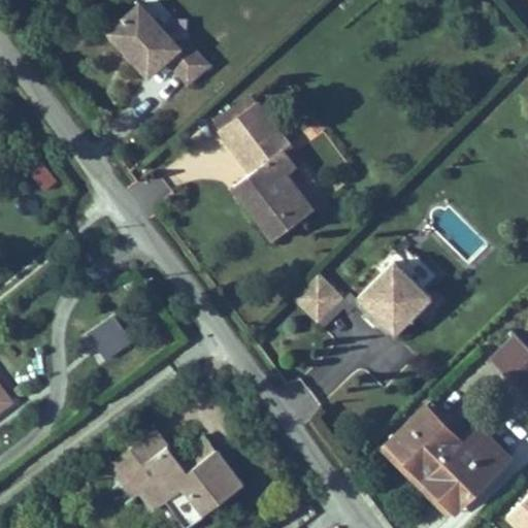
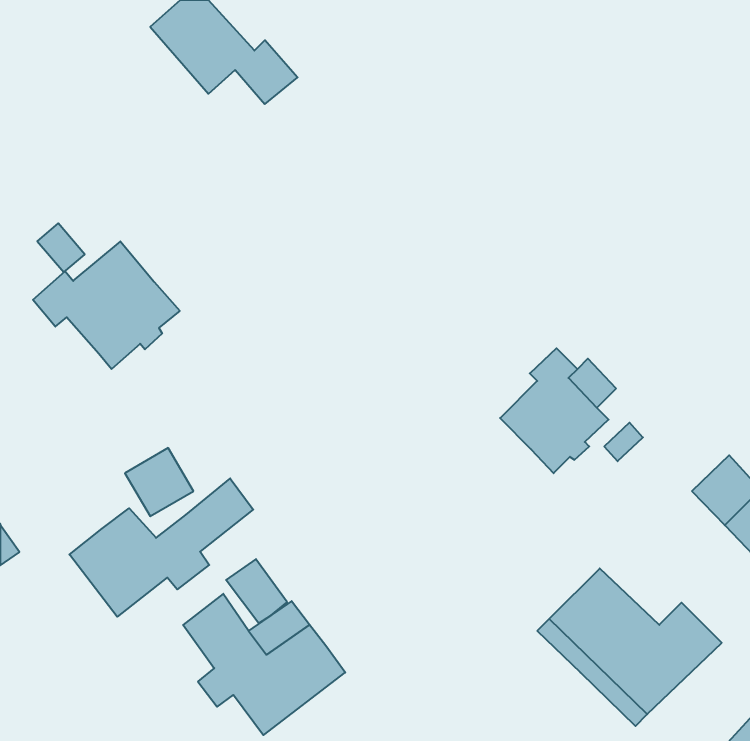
building: [217,99,314,240] -> none
building: none -> [33,241,180,369]
building: [290,276,340,328] -> none
building: none -> [69,478,253,617]
building: [113,447,156,491] -> [226,559,287,623]

